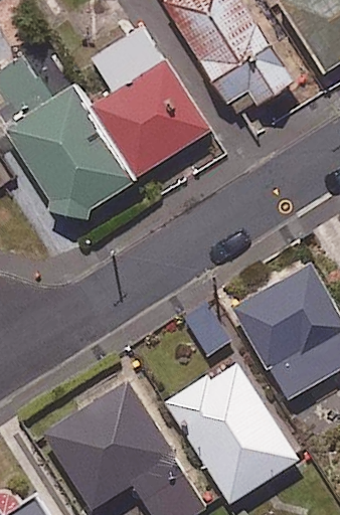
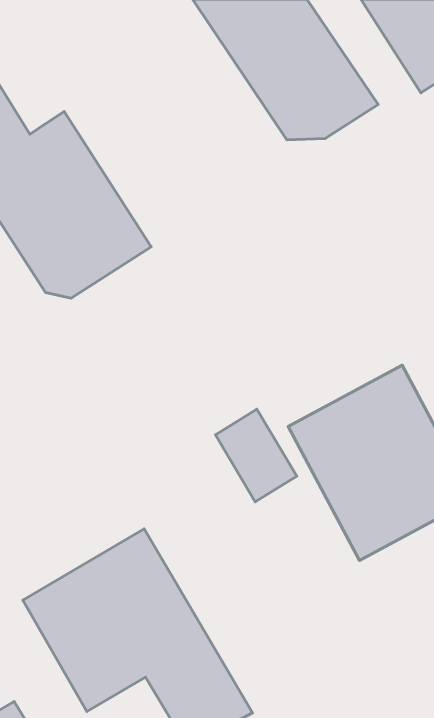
building: [89,25,210,174] -> none
building: [167,360,298,503] -> none

